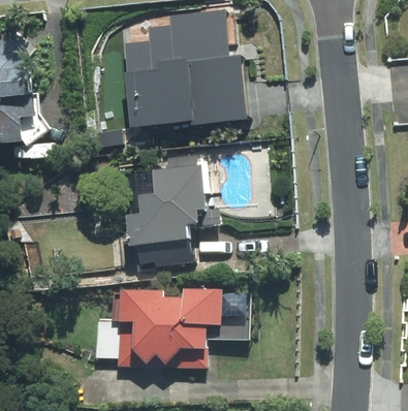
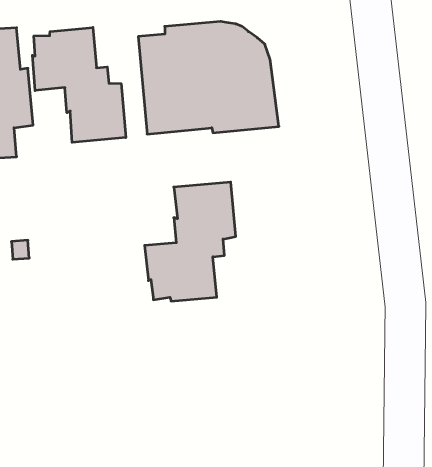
building: none -> [32,27,126,142]
building: [119,288,229,368] -> none

